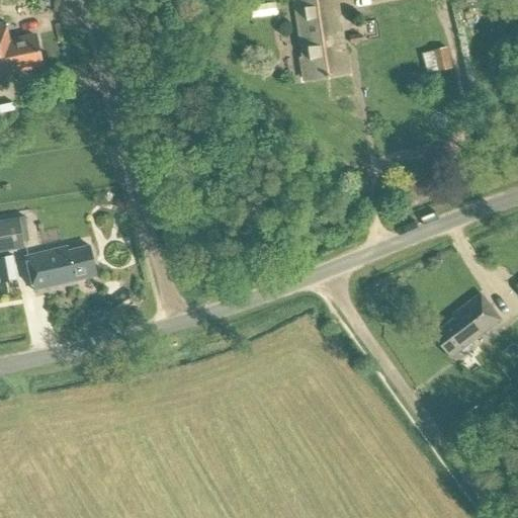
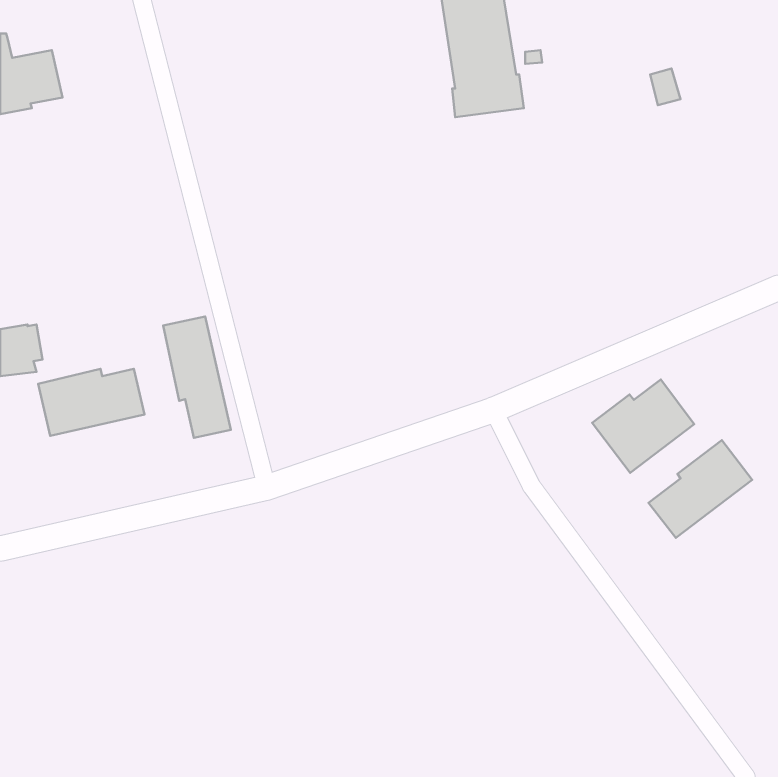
building: none -> [163,317,231,438]
building: none -> [592,379,694,473]

